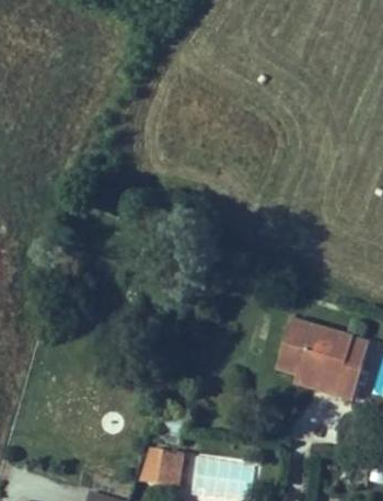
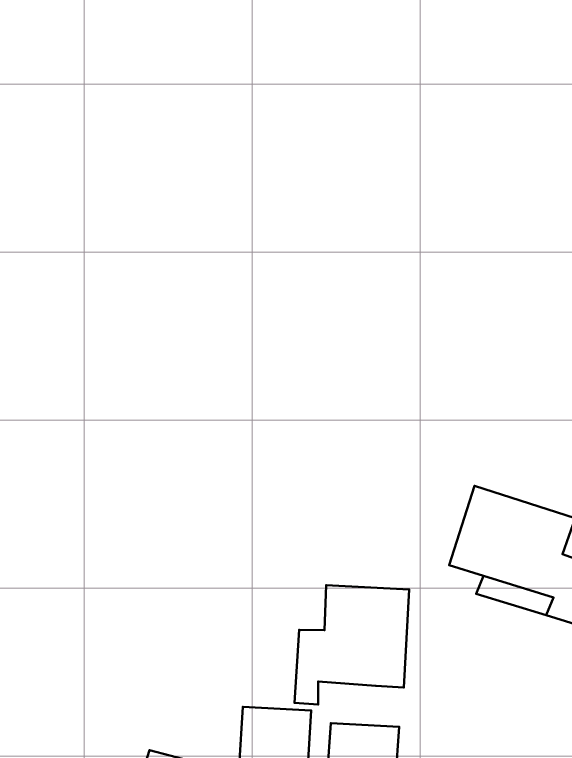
building: none -> [294,585,409,705]

